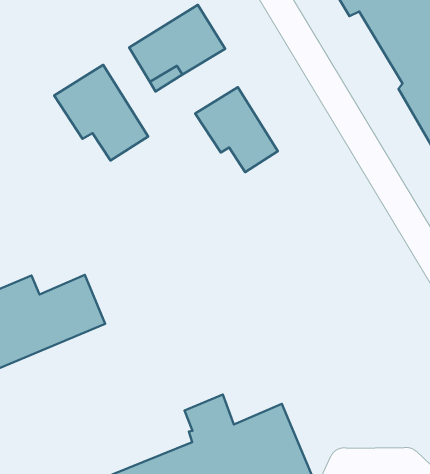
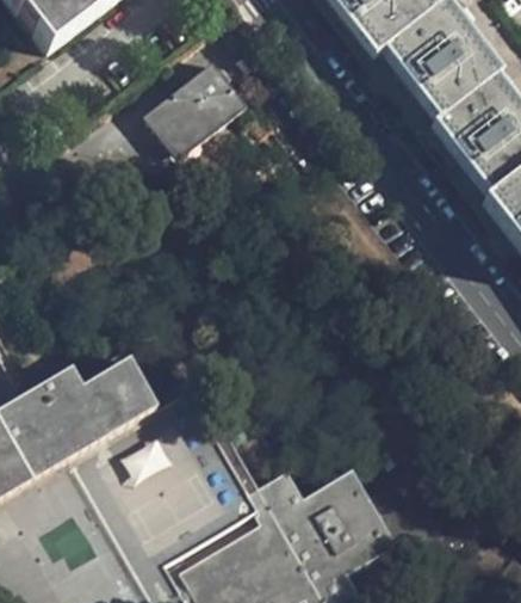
building: [54,65,148,161] -> none
building: [195,87,278,172] -> none

